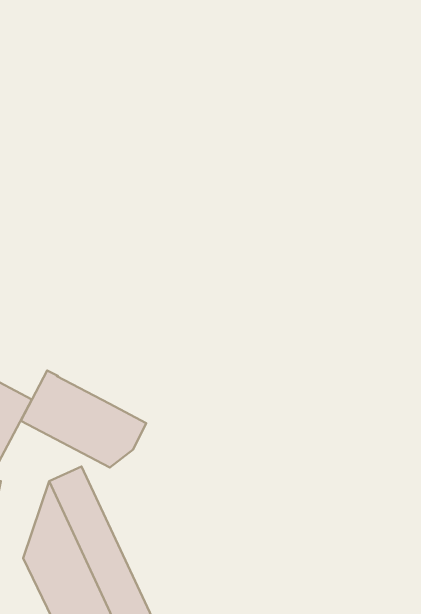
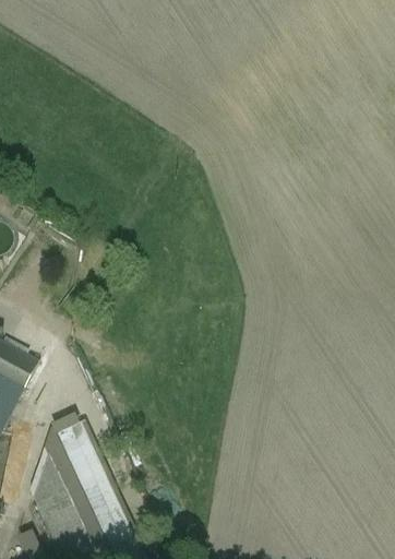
building: [21,370,146,468] -> none

